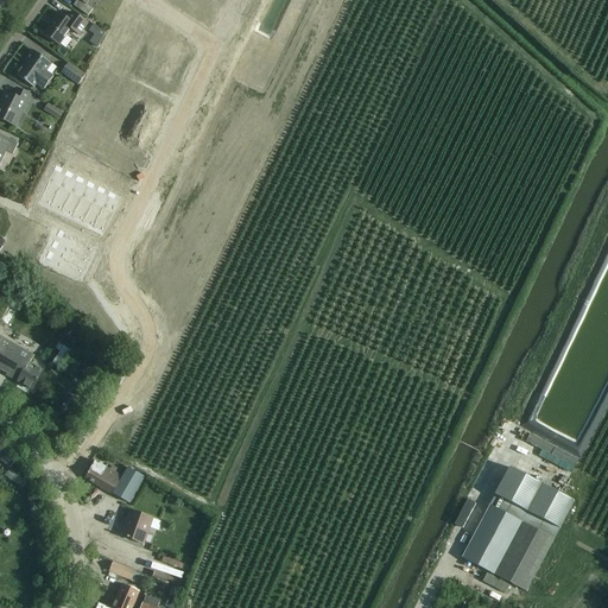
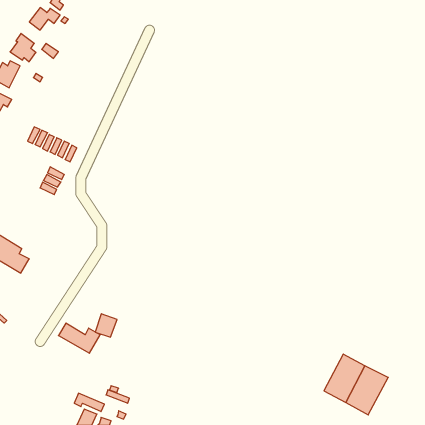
building: [488,466,572,537] -> none
building: [120,508,151,542] -> [95,314,117,337]

